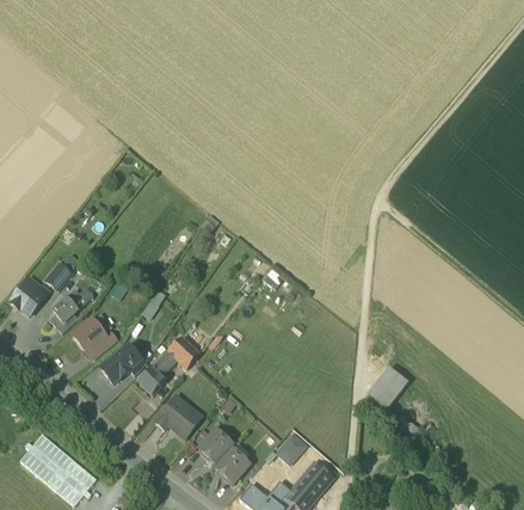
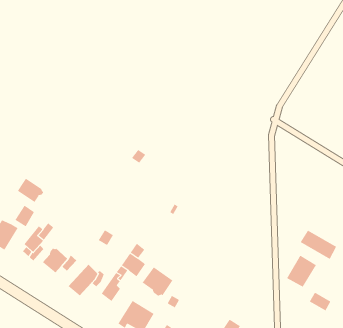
building: none -> [17,178,44,203]
building: none -> [300,230,337,260]
building: none -> [142,267,173,297]

